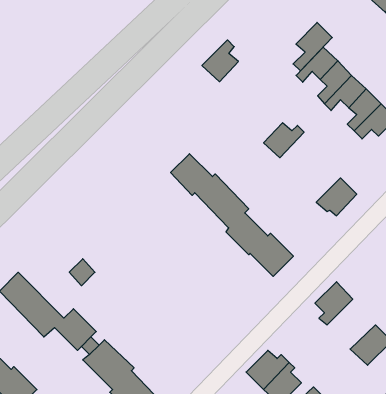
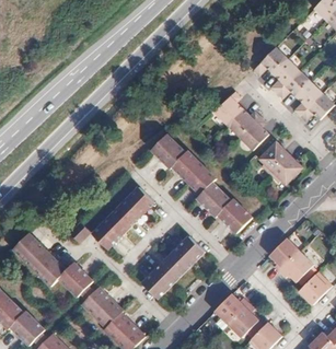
building: [293,22,332,71] -> none
building: [202,40,238,82] -> [213,92,243,126]
building: none -> [241,117,269,150]
building: none -> [258,141,290,174]
building: none -> [93,187,157,251]
building: none -> [142,235,205,299]
building: none -> [279,253,313,282]

